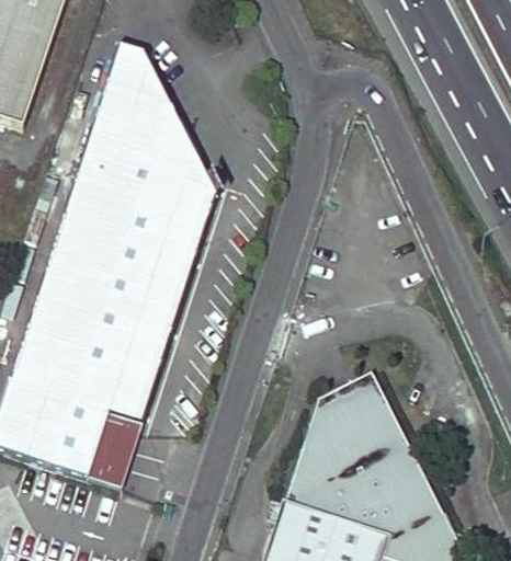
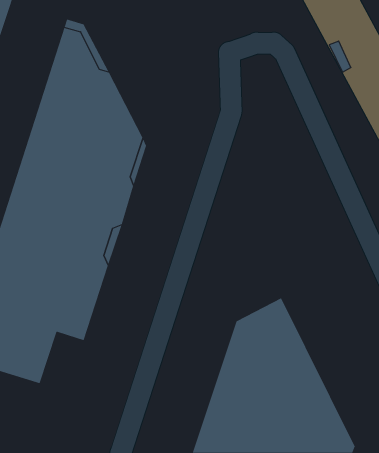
building: [89,413,140,483] -> none

